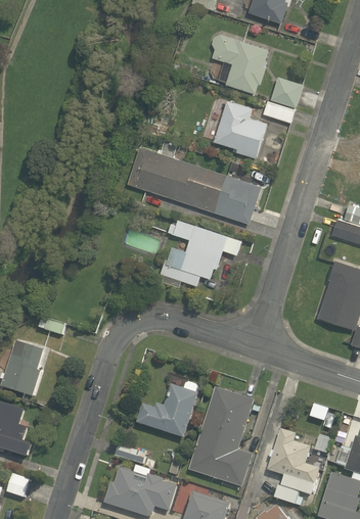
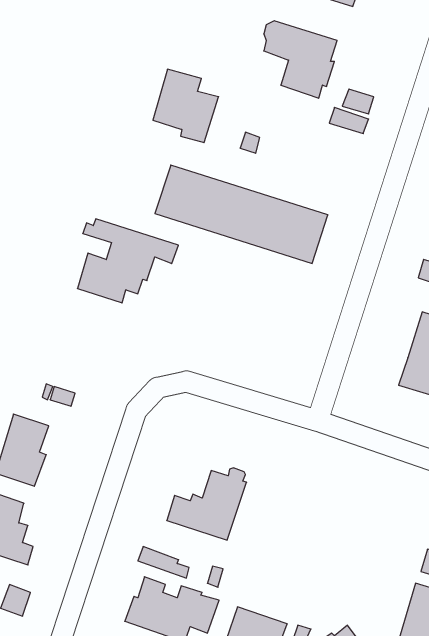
building: [214,100,265,157] -> [153,69,219,143]
building: [162,220,240,285] -> [77,219,178,303]
building: [186,386,253,486] -> none
building: [266,427,318,506] -> none

